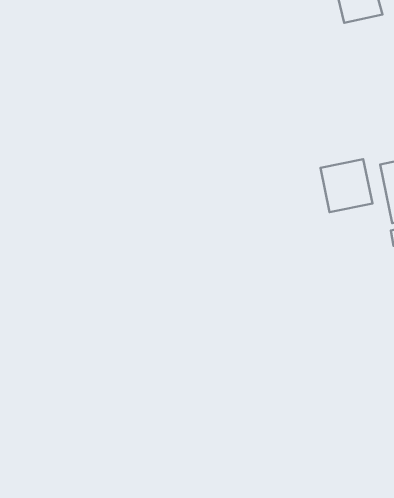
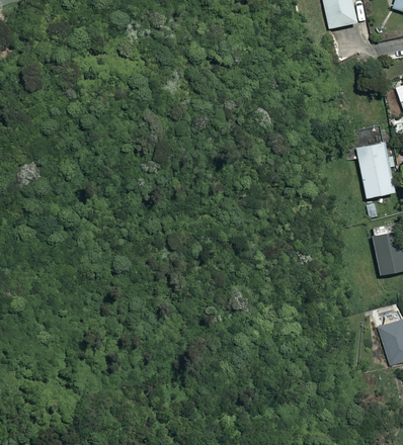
building: [320,159,372,212] -> none

